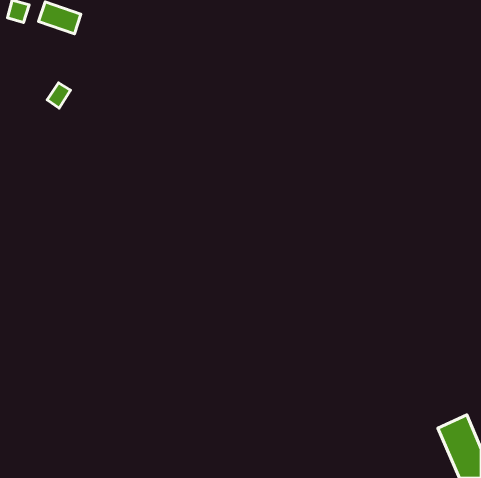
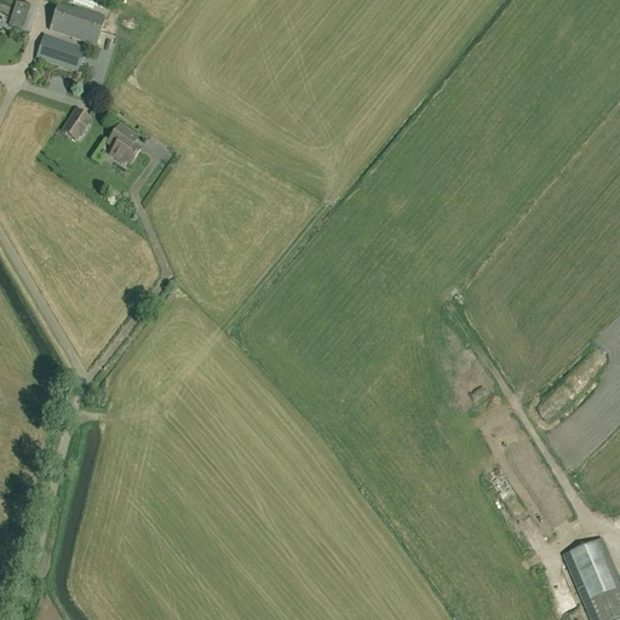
building: none -> [36,33,85,69]
building: none -> [108,122,140,161]

